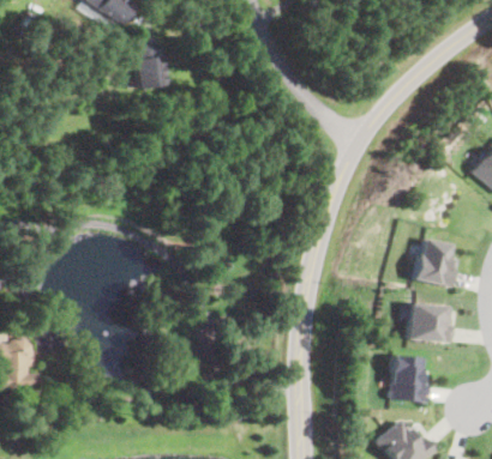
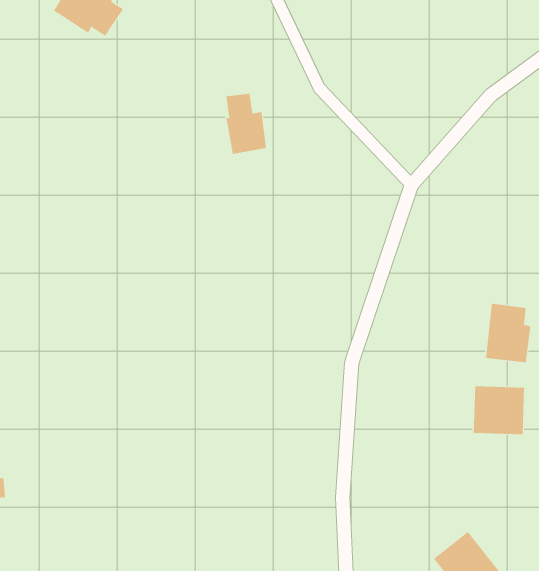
building: [137,42,169,90] -> [226,93,267,154]
building: [390,355,426,401] -> none

